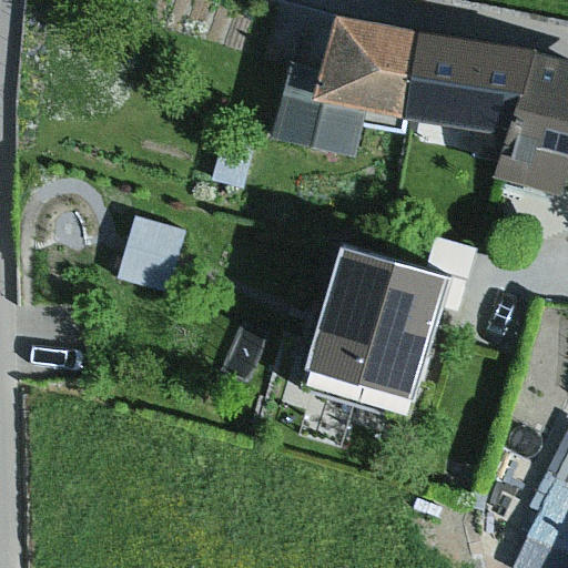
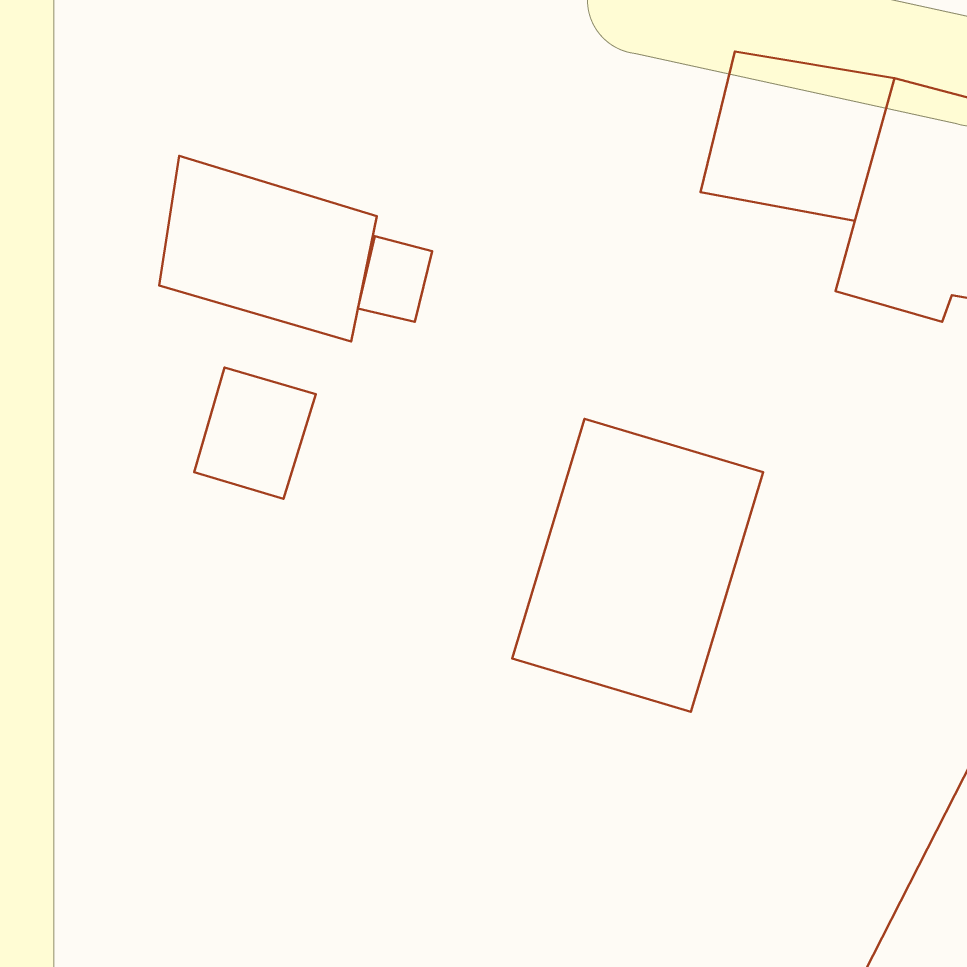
building: [265,12,432,158] -> none
building: none -> [159,156,377,342]

